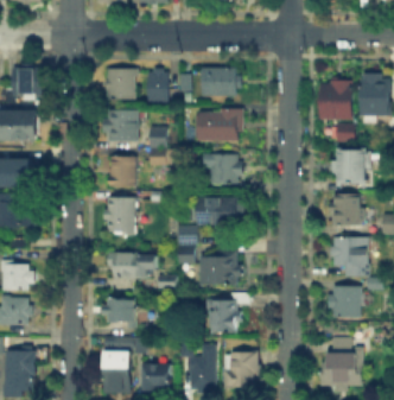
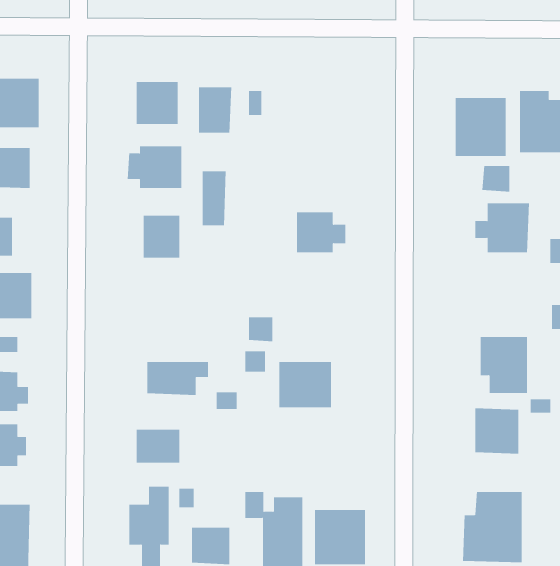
building: [203,68,242,96] -> none
building: [196,110,243,142] -> none
building: [333,196,362,226] -> none
building: [188,198,242,223] -> none
building: [106,199,136,235] -> none
building: [208,294,249,330] -> none

